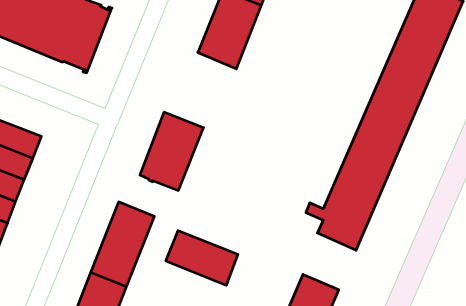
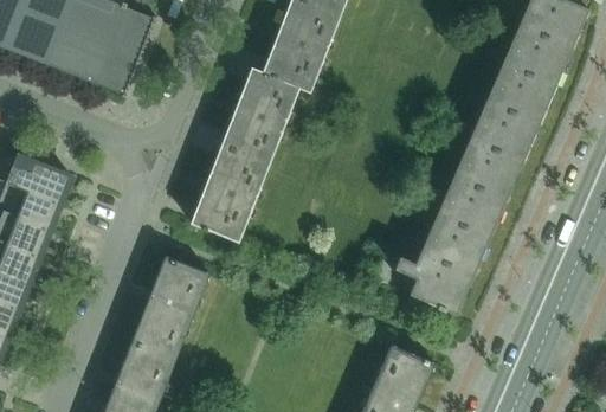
building: none -> [220,67,298,165]
building: [166,231,238,285] -> none

